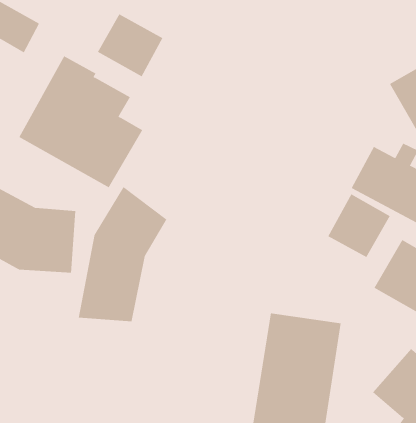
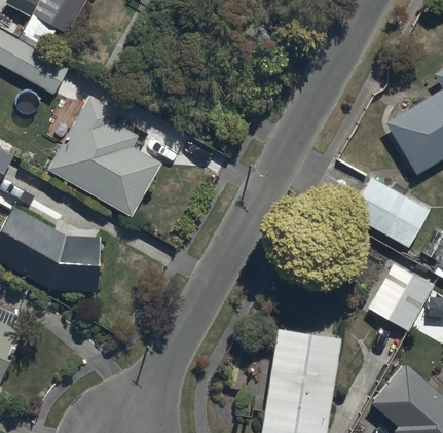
building: [97,13,163,77] -> none
building: [78,186,167,322] -> none
building: [328,194,391,258] -> none

